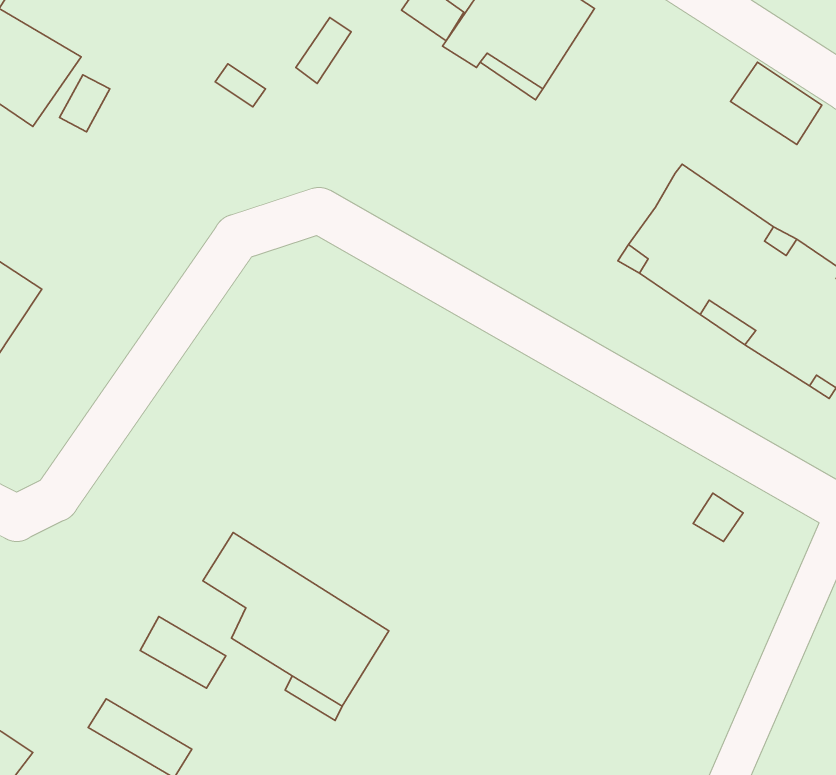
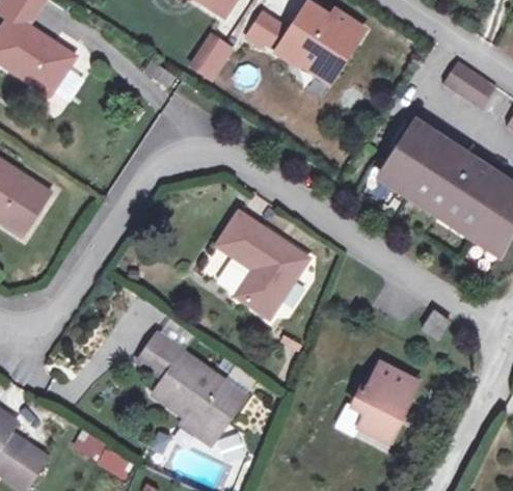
building: none -> [216,213,304,312]
building: none -> [350,364,415,443]
building: [140,617,226,688] -> none

